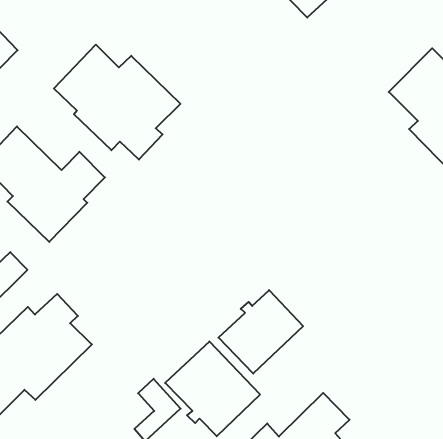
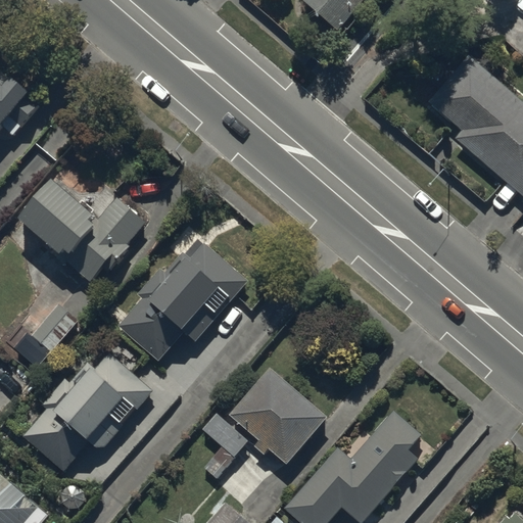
building: [54,45,180,160] -> none
building: none -> [117,240,246,360]
building: [218,290,303,374] -> none

